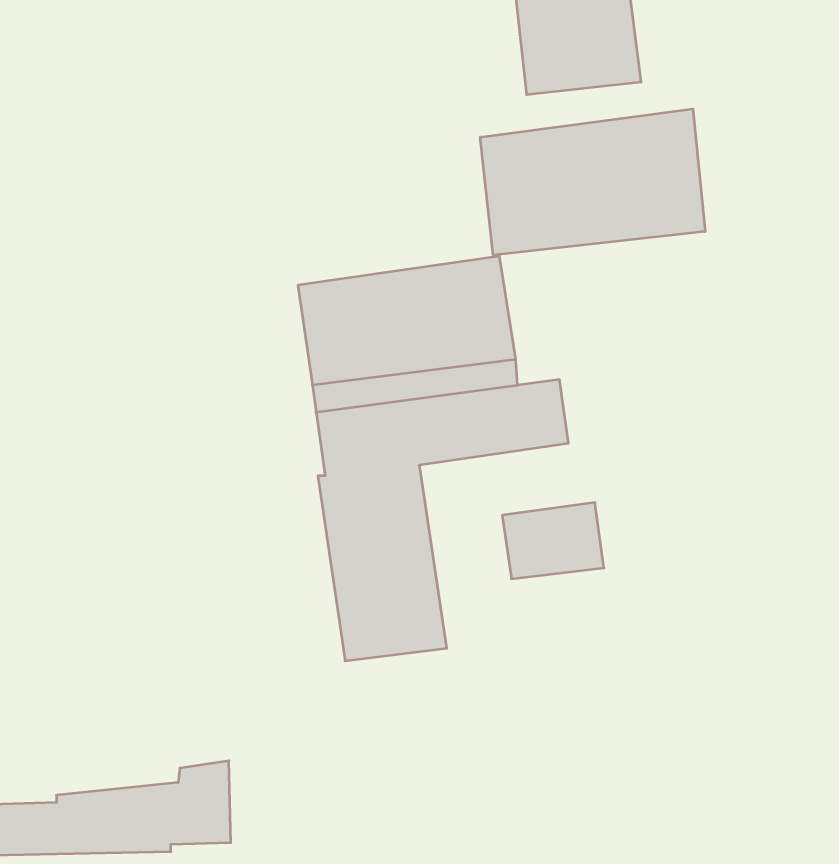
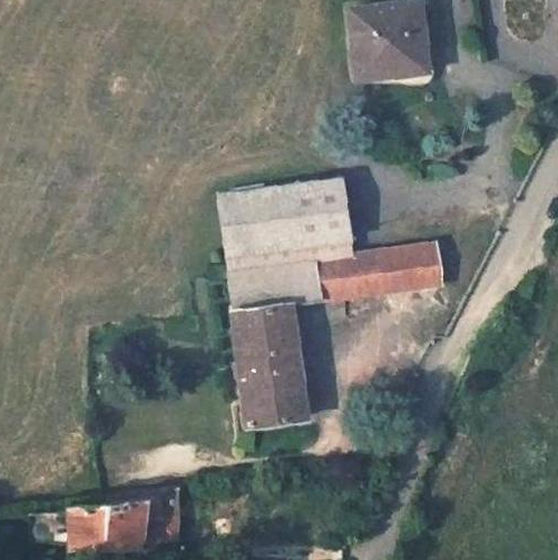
building: [480,109,705,255] -> none
building: [502,503,604,579] -> [379,245,441,292]

